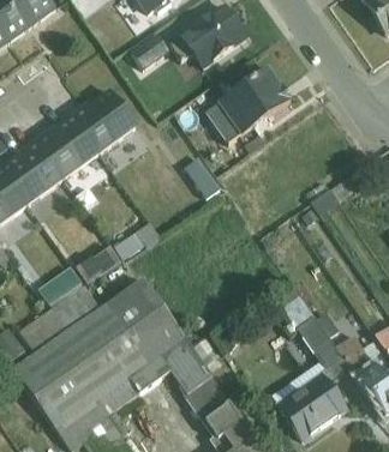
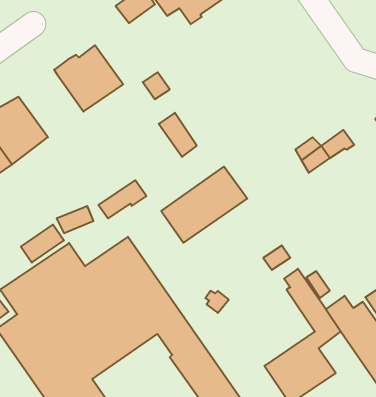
building: [207,67,291,141] -> [161,167,247,243]
building: [36,116,100,179] -> none

